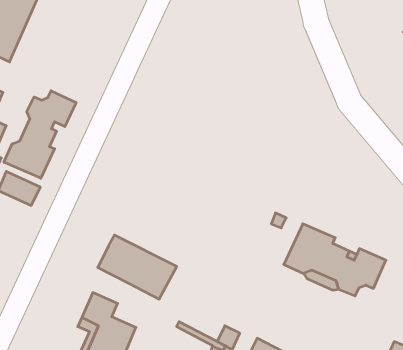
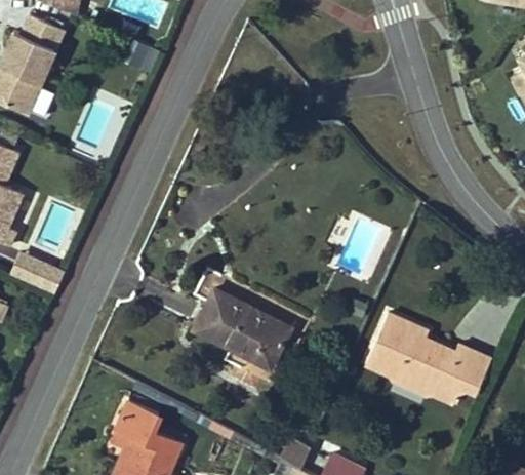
building: [4,91,76,178] -> none
building: [98,235,177,299] -> [194,288,291,367]

